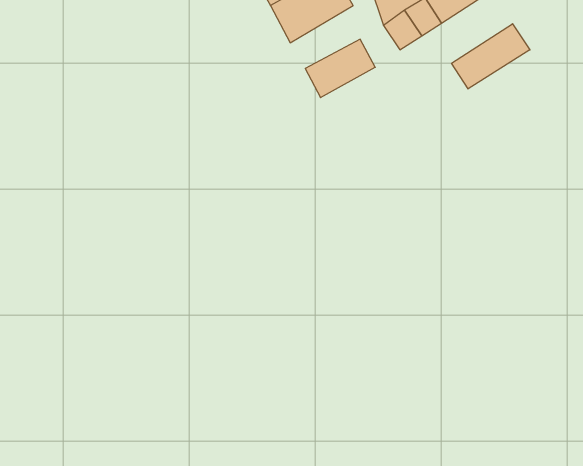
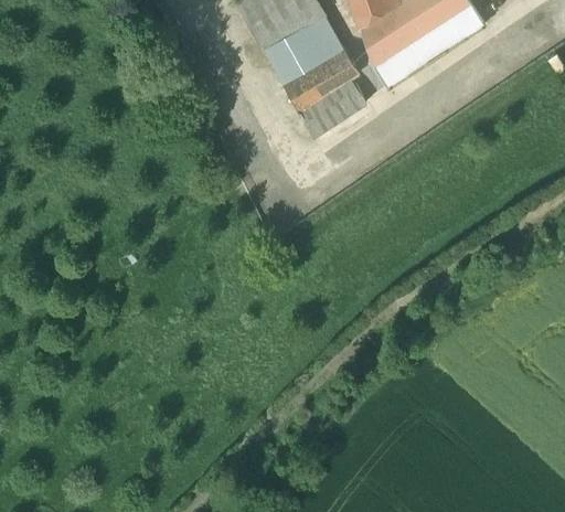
building: none -> [280,43,355,103]
building: [452,24,530,89] -> none

